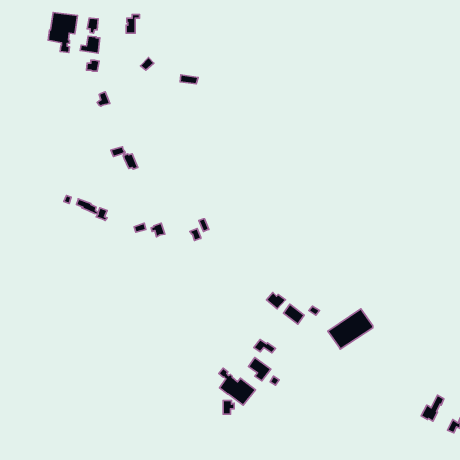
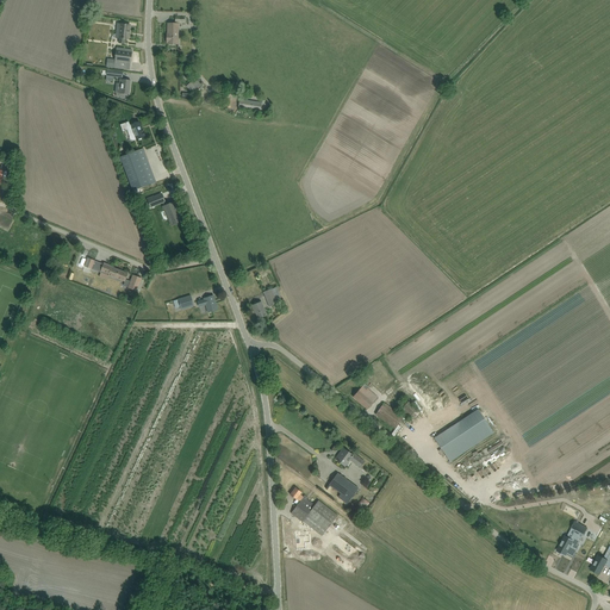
building: [48,12,78,52] -> none
building: none -> [117,149,156,192]

